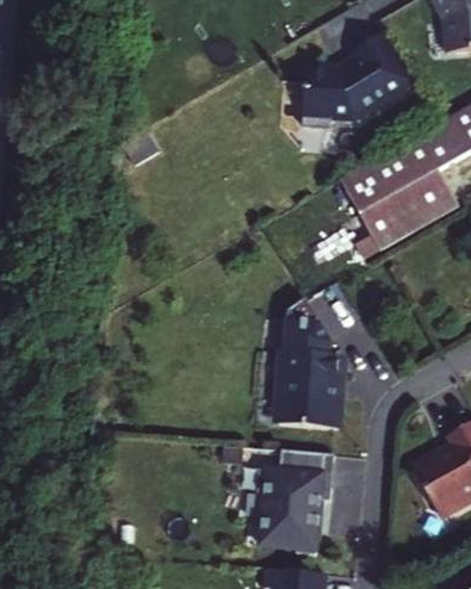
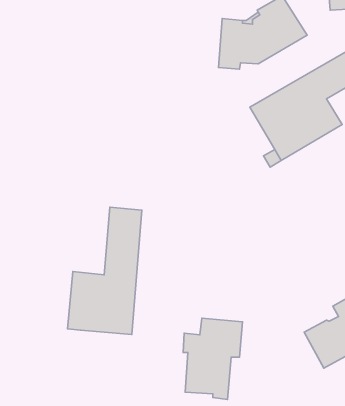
building: [277,302,337,429] -> none
building: none -> [67,207,142,335]

